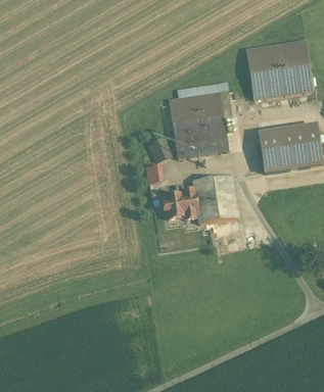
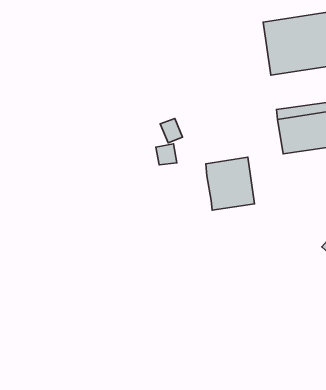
building: [168,92,228,158] -> none
building: [163,192,197,218] -> none

